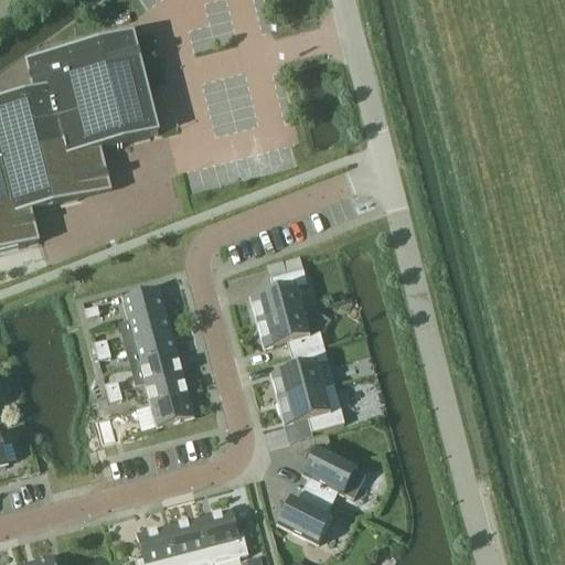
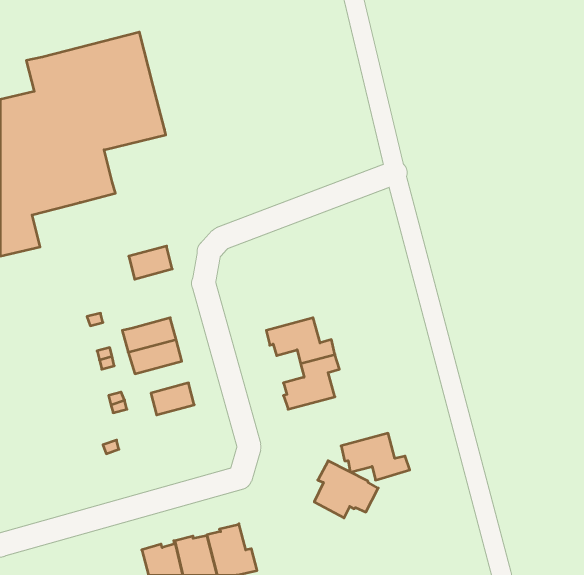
building: [253,265,307,319] -> none
building: [122,285,164,317] -> [129,246,172,279]
building: [130,349,182,382] -> none
building: [278,383,344,428] -> [341,433,410,480]
building: [151,391,193,423] -> none
building: [278,484,332,541] -> none

